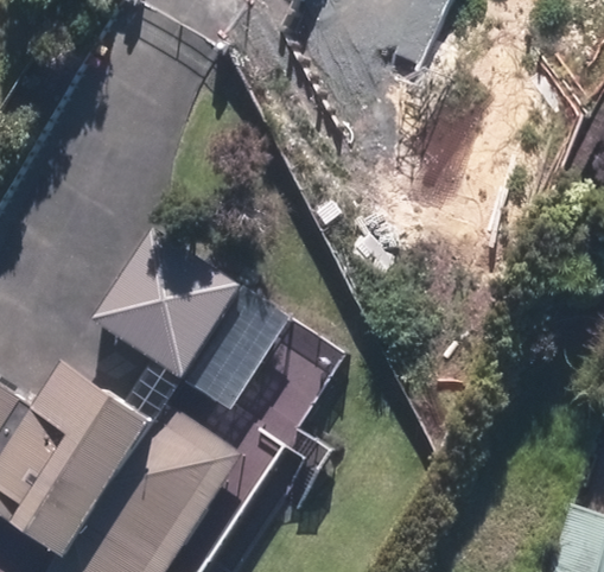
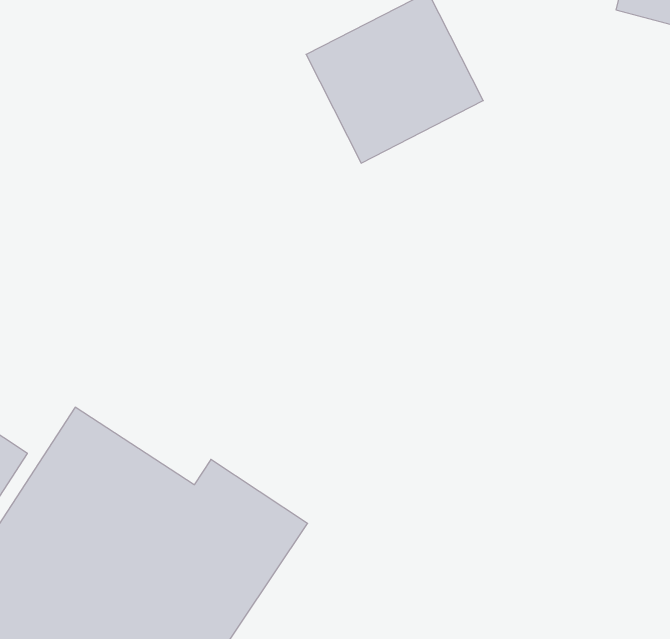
building: [131,254,317,430] -> none

